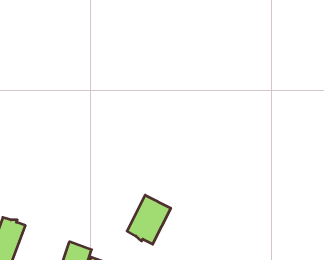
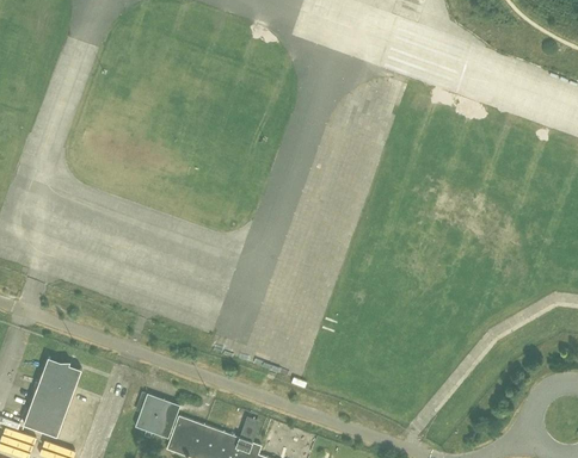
building: [127,195,171,244] -> none

